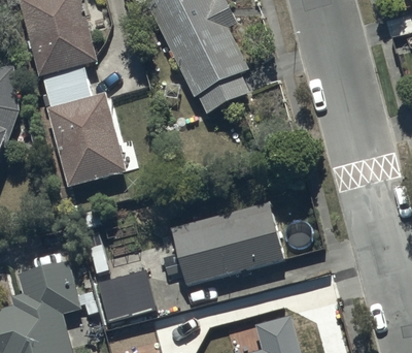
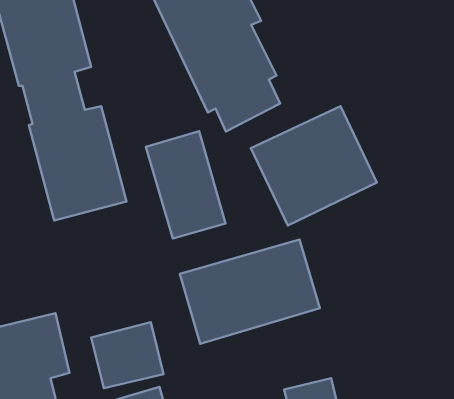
building: none -> [251,106,377,225]
building: none -> [146,131,225,238]

